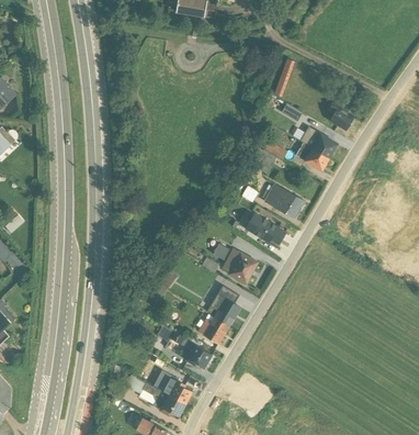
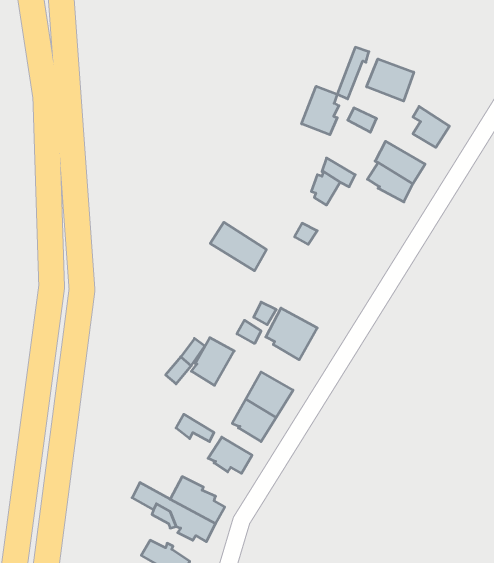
building: none -> [367,59,414,101]
building: none -> [302,86,339,135]
building: [262,182,304,219] -> none
building: [244,212,284,247] -> [210,222,266,271]
building: none -> [191,338,234,385]

